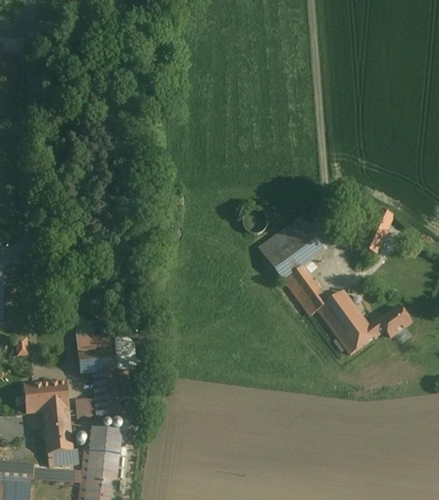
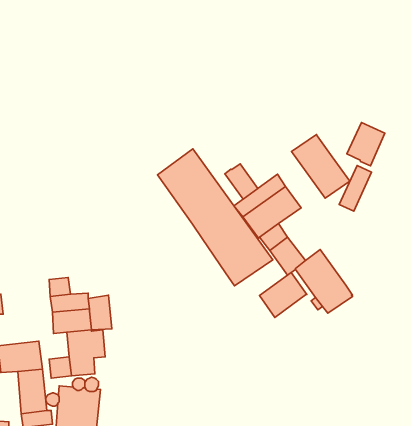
building: none -> [347,123,385,166]
building: none -> [292,134,350,198]
building: none -> [158,149,273,286]
building: none -> [225,164,258,199]
building: [366,305,408,335] -> none
building: none -> [259,272,307,317]

